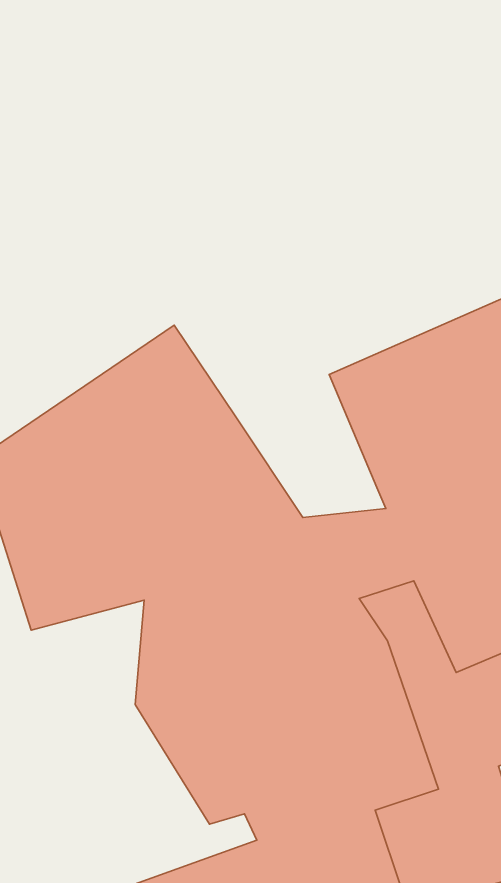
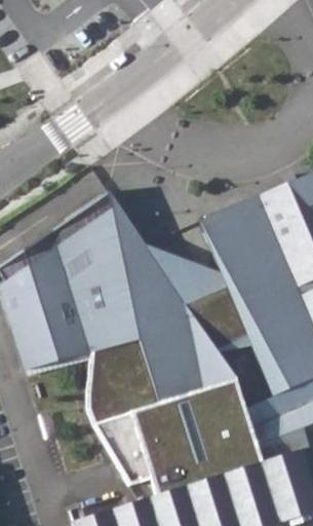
building: none -> [146,248,233,306]

